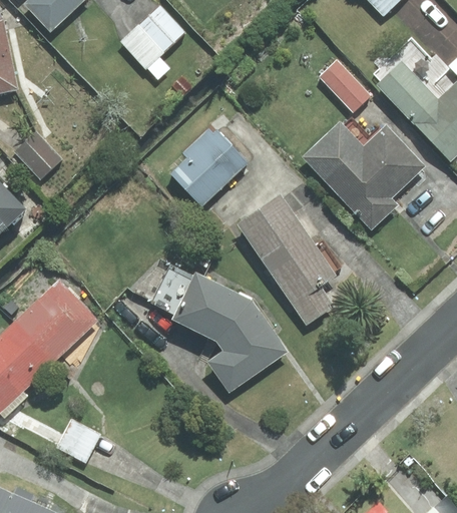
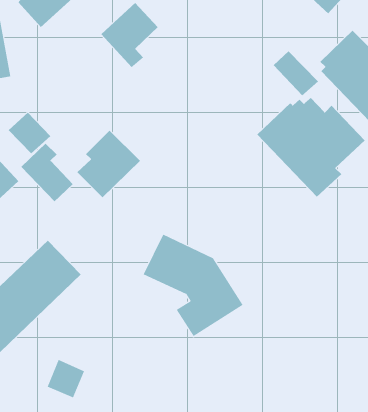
building: [172,127,247,206] -> [77,130,141,198]
building: none -> [21,143,73,202]
building: [236,193,341,326] -> none

